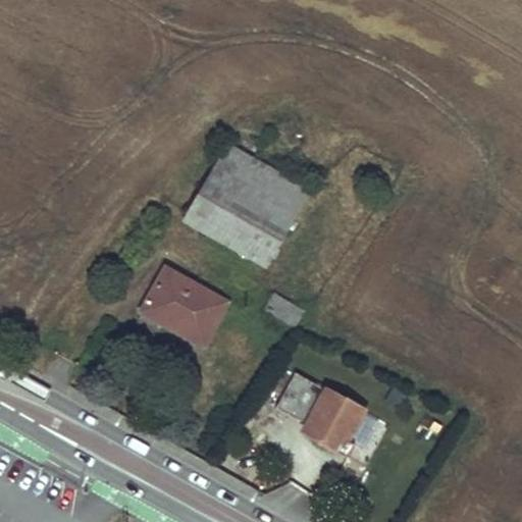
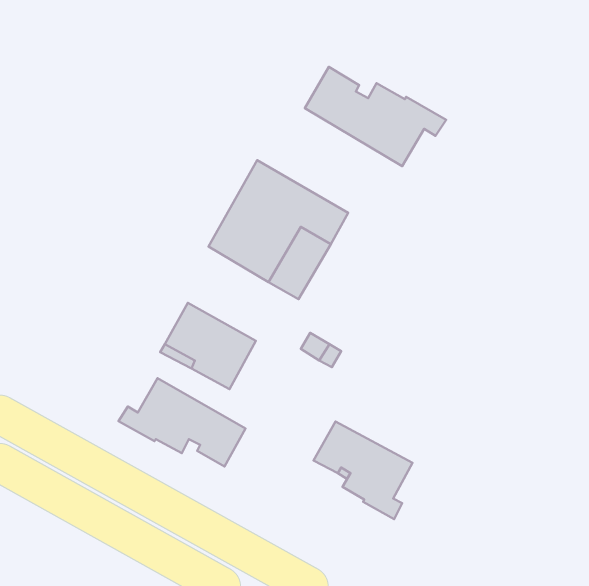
building: none -> [305,67,446,166]
building: none -> [118,378,246,467]

